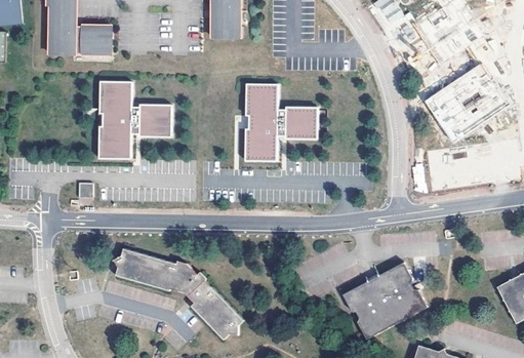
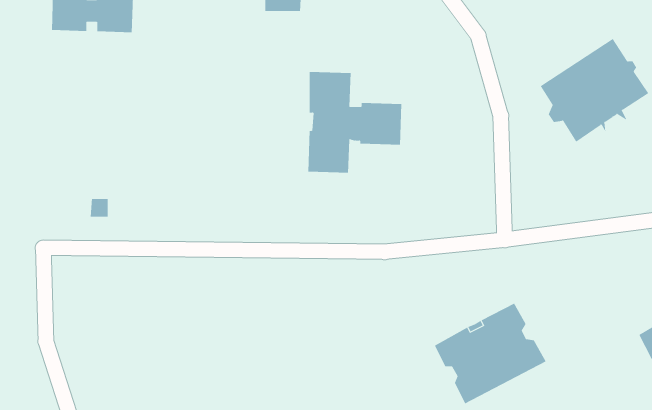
building: [97,81,171,158] -> none
building: [111,251,243,340] -> none

